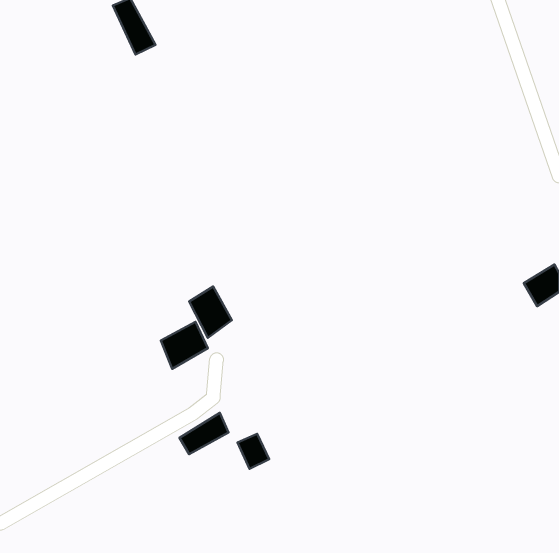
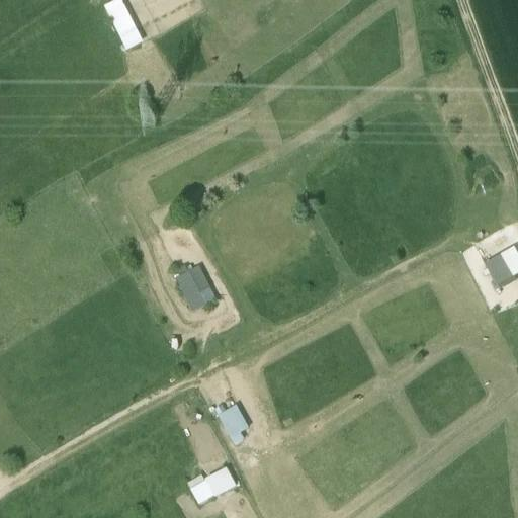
building: [161,322,208,369] -> none
building: [179,413,229,454] -> [190,465,236,504]

